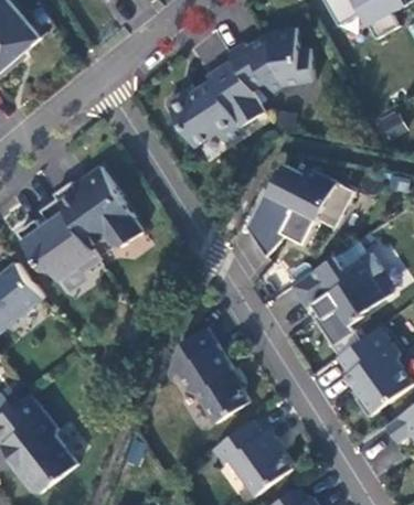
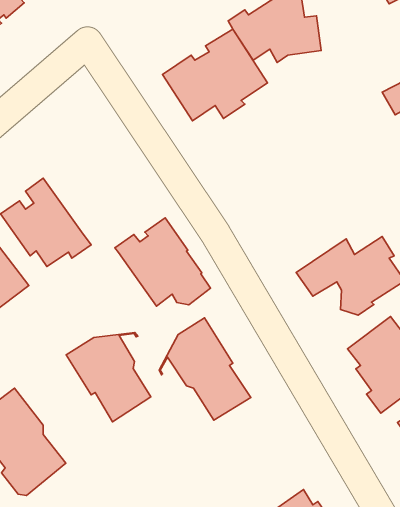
building: [245,164,353,257] -> none
building: [53,166,141,248] -> [115,218,210,306]
building: none -> [66,332,151,422]
building: [211,419,290,495] -> none

